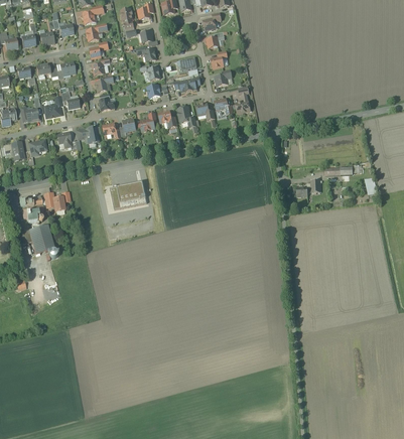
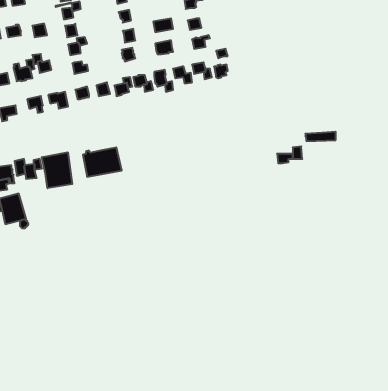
building: none -> [42,152,72,188]

